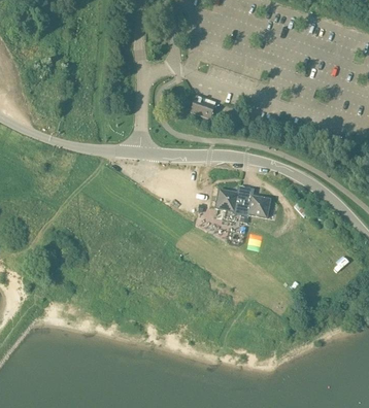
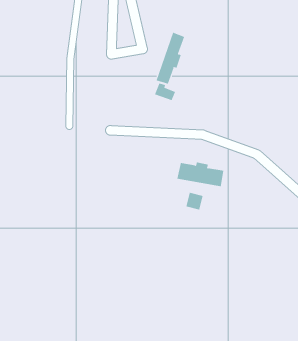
building: none -> [156,32,185,84]

